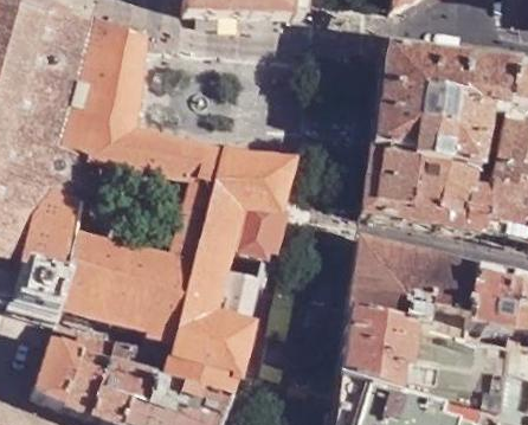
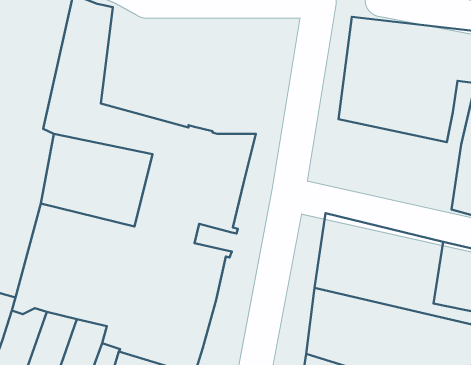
building: [365,143,495,232] -> none

